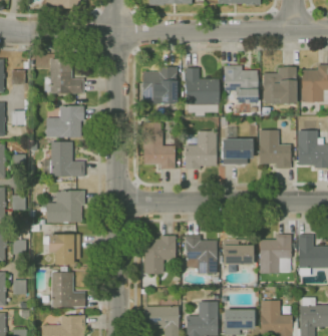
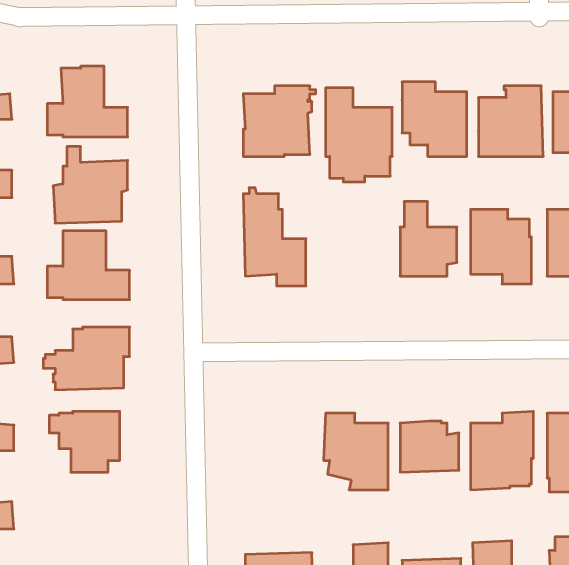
building: [185,130,216,169] -> none
building: [143,235,175,274] -> none
building: [51,267,84,307] -> none

